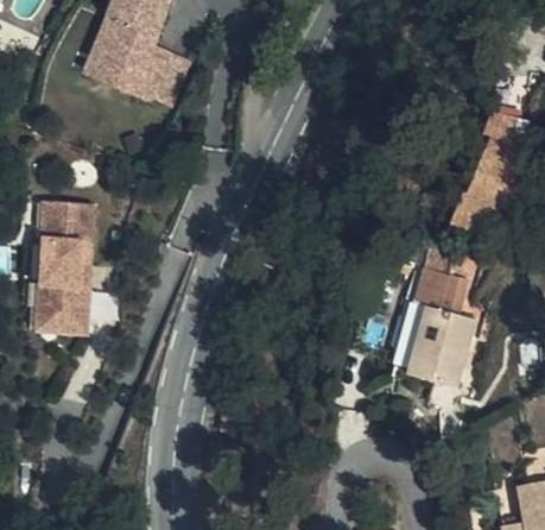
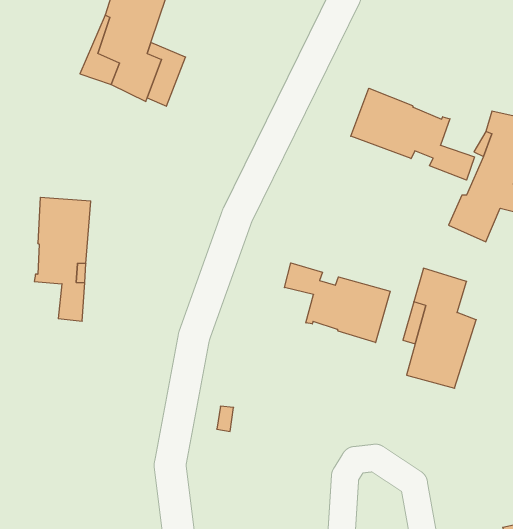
building: none -> [351,88,474,180]
building: none -> [284,263,390,343]
building: [36,282,85,332] -> none

